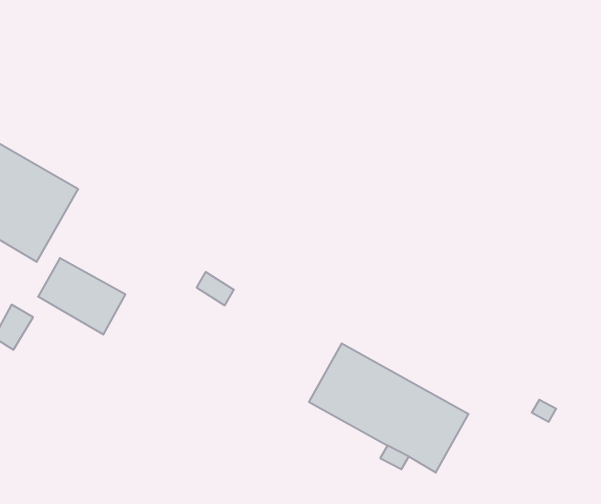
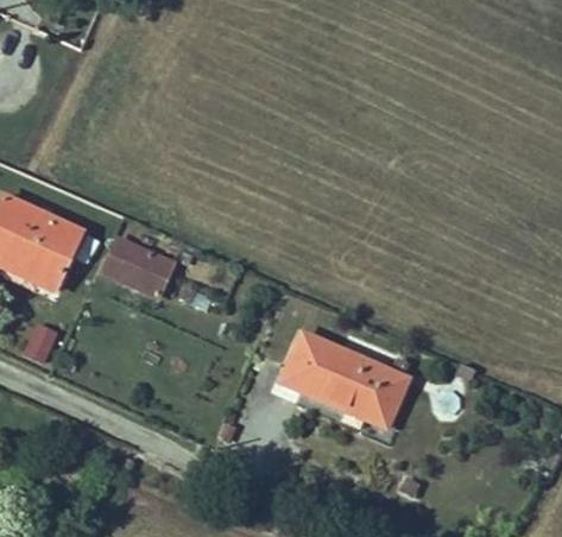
building: [38,258,125,334] -> [103,238,172,295]

